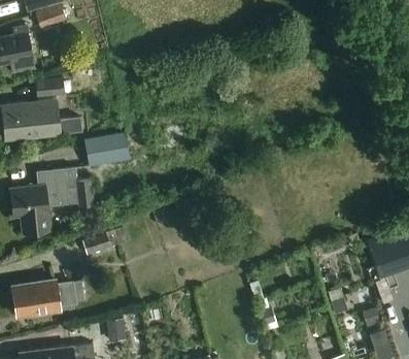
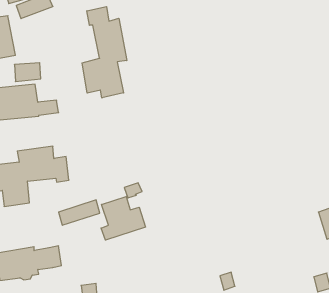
building: none -> [82,7,127,98]
building: [86,133,131,167] -> none
building: none -> [101,196,145,240]

